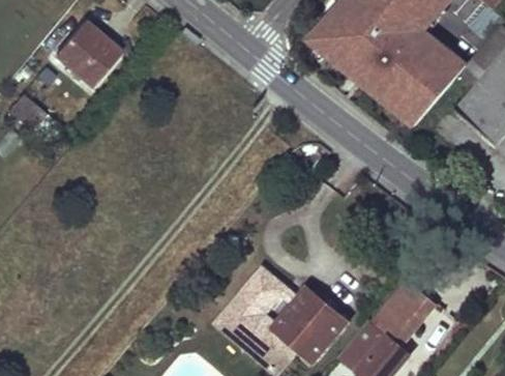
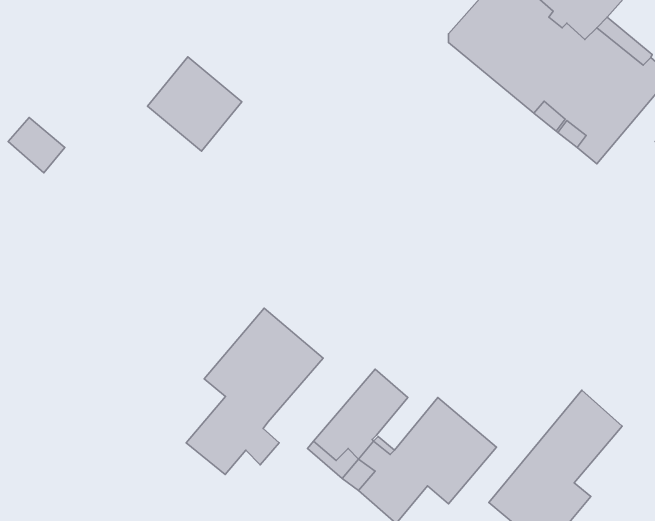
building: [54,23,119,88] -> [148,57,242,151]
building: none -> [186,308,323,475]

